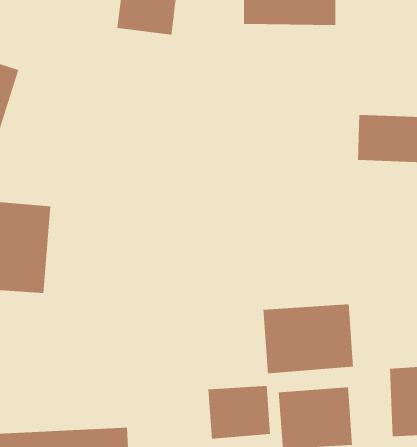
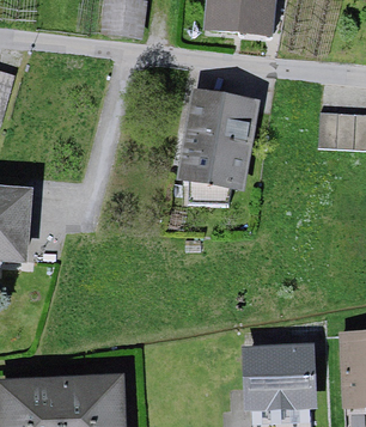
building: none -> [179,86,266,208]
building: [263,303,354,374] -> none
building: [208,385,270,439] -> none

